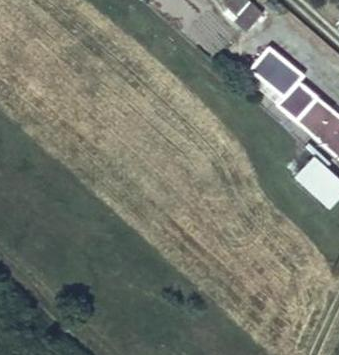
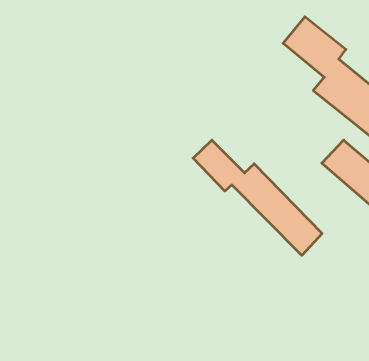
building: none -> [193,140,322,255]

